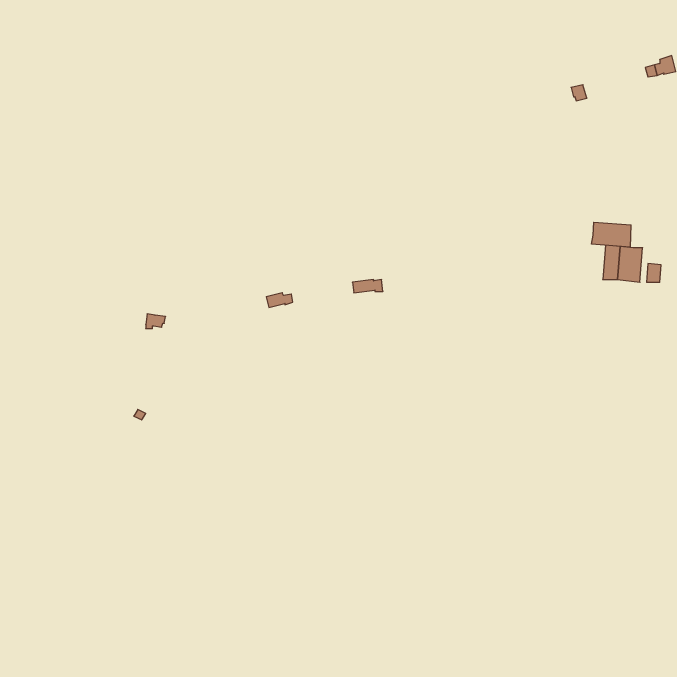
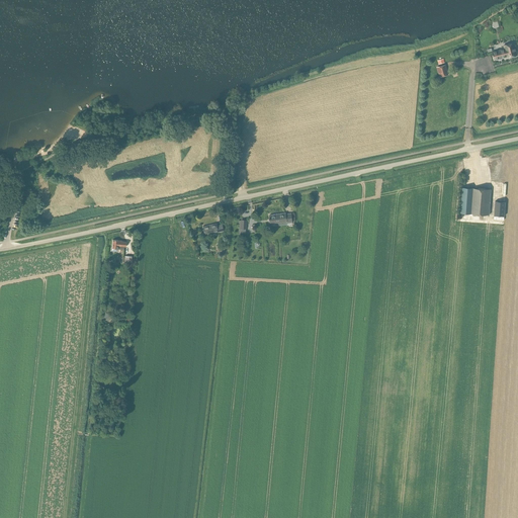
building: [592,222,631,247] -> none

